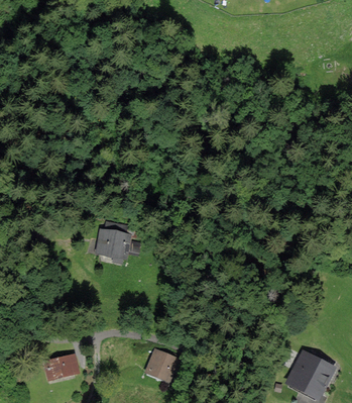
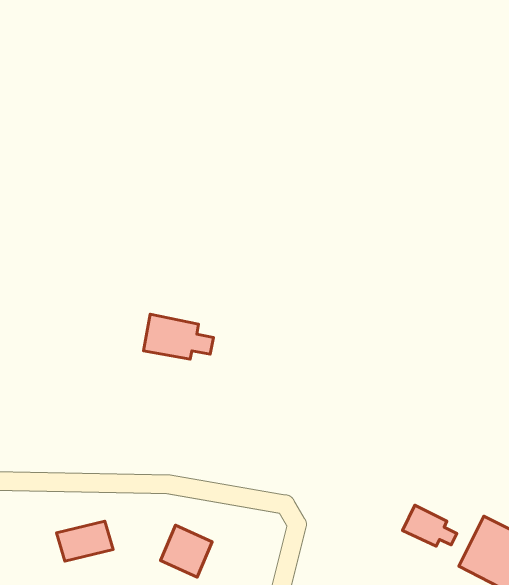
building: none -> [402,505,457,546]
building: [146,349,178,381] -> [161,525,212,577]

